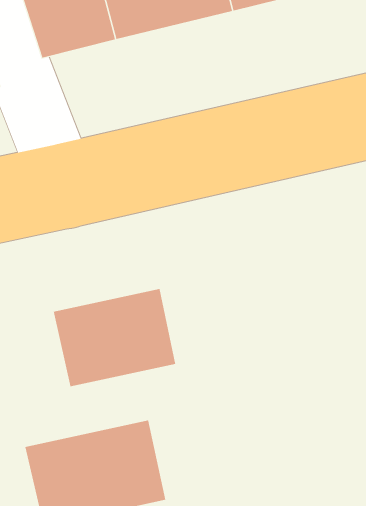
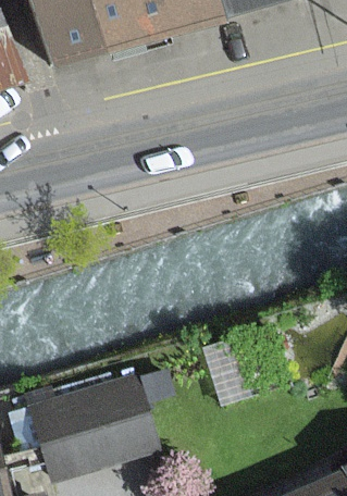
building: [53,288,176,387] -> none

